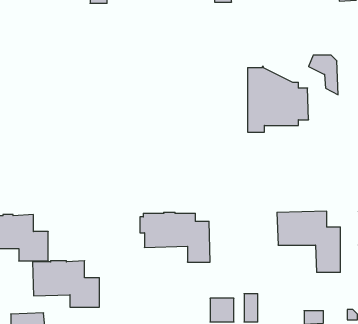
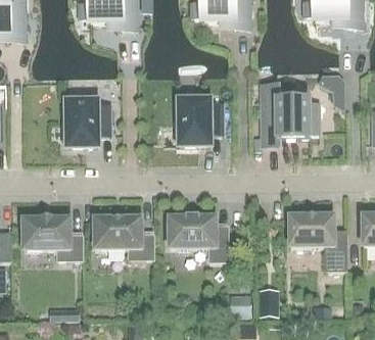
building: none -> [175,98,223,144]
building: none -> [62,100,110,145]
building: [33,261,99,307] -> [94,216,154,258]

